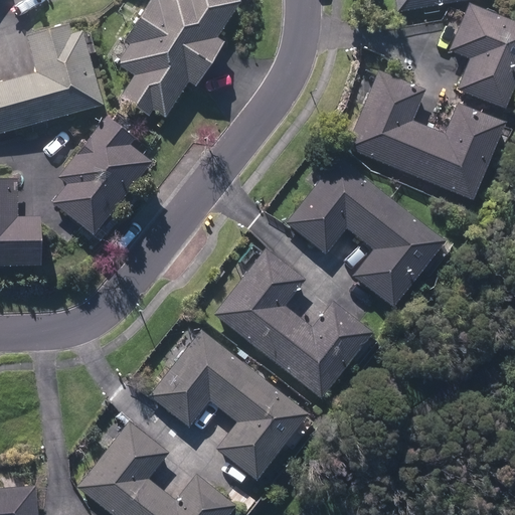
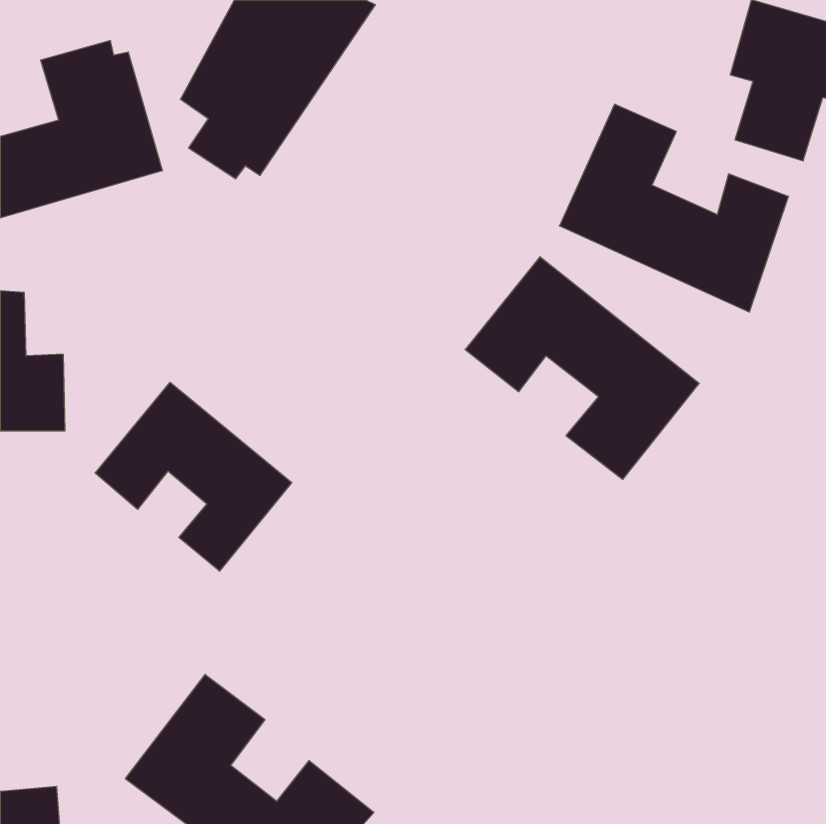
building: [53,120,151,230] -> none
building: none -> [95,382,292,571]
building: [216,247,373,397] -> none
building: [154,333,302,473] -> none

